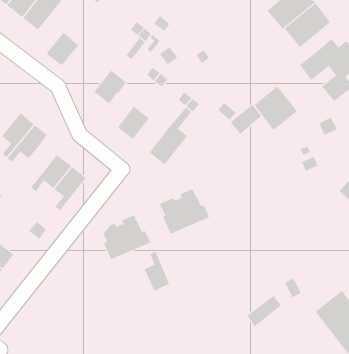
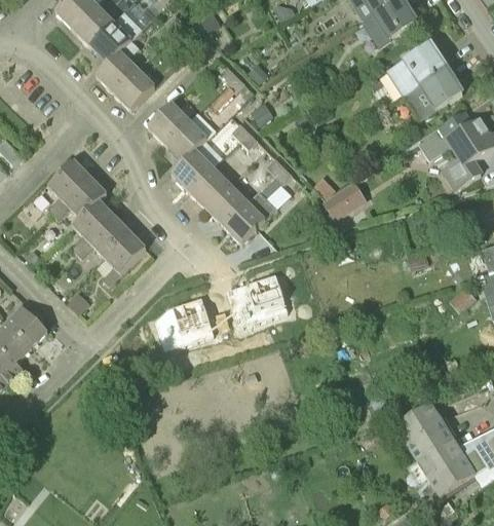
building: none -> [97,39,139,91]
building: none -> [149,103,190,144]
building: [254,86,298,131] -> none
building: none -> [172,149,213,190]
building: none -> [207,184,248,225]
building: none -> [70,198,113,251]
building: [144,251,170,292] -> none
building: [246,295,282,327] -> [395,404,440,440]

